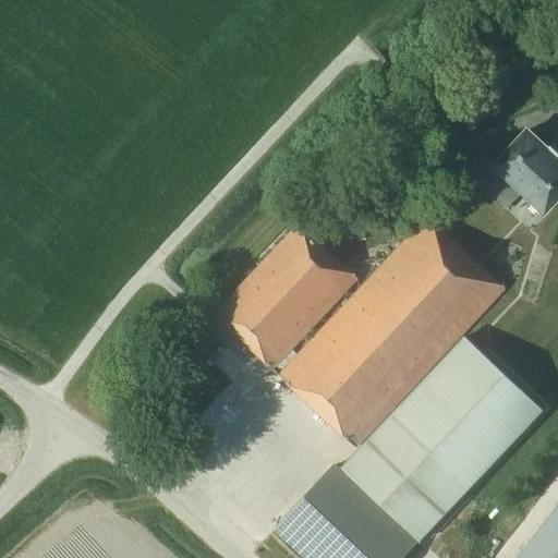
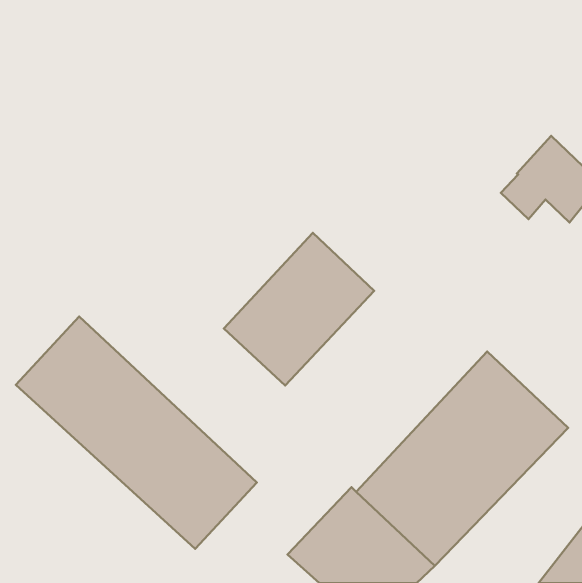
building: [279,195,506,447] -> none
building: none -> [16,317,257,549]

